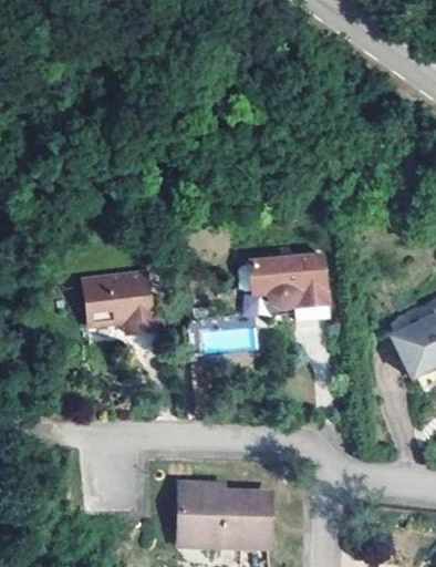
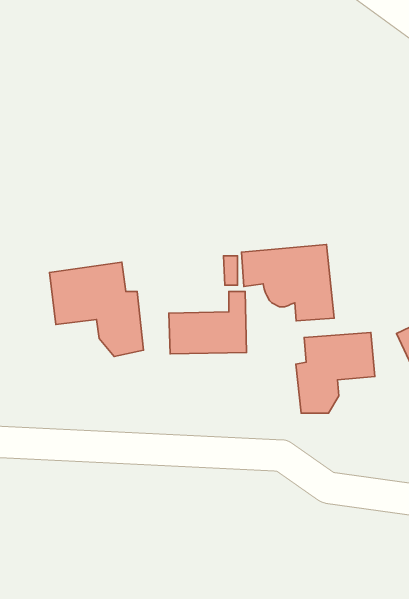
building: none -> [296,332,375,413]
building: [179,484,269,545] -> none

